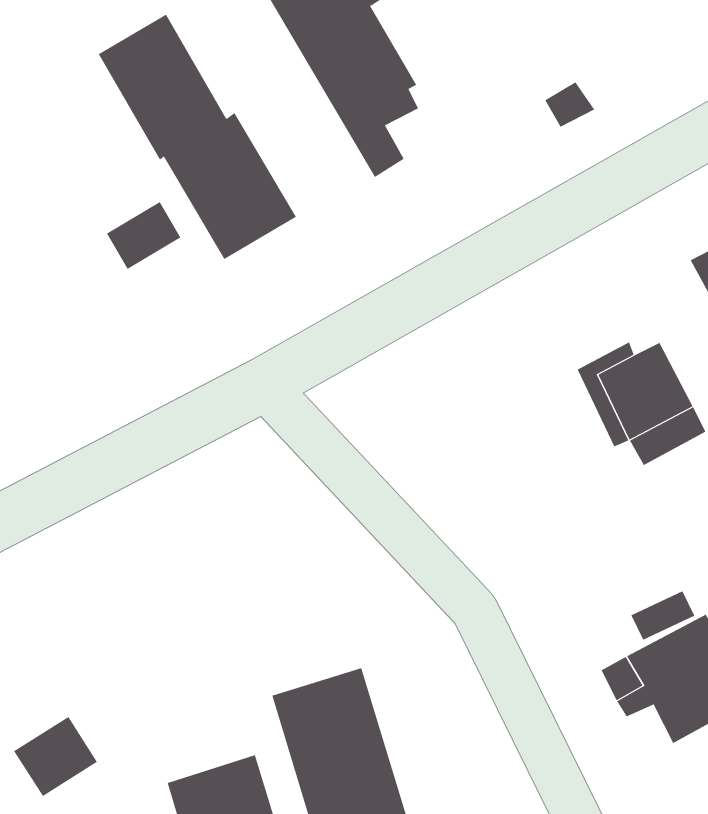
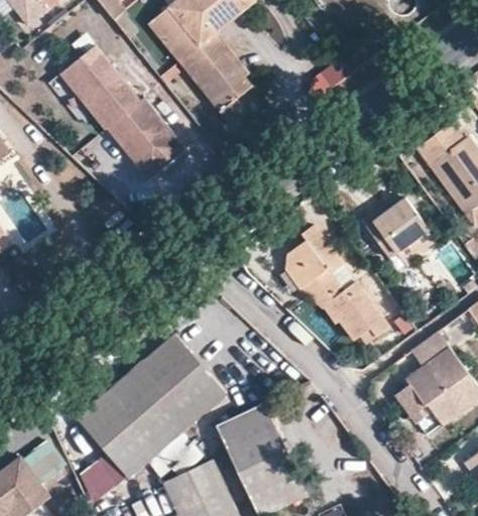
building: [106,201,181,270] -> none
building: none -> [284,226,386,340]
building: none -> [77,334,225,477]

